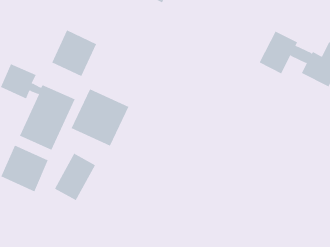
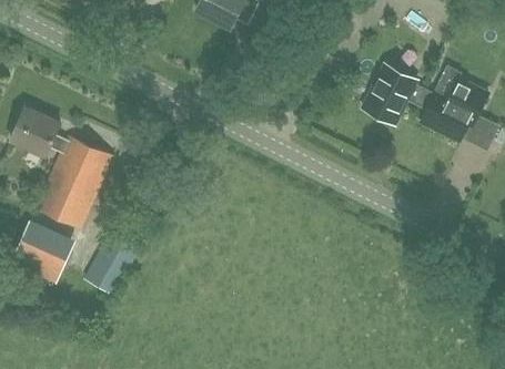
building: [52,30,97,77] -> none
building: [71,88,129,146] -> none

